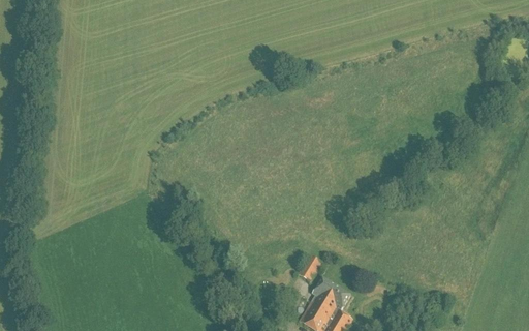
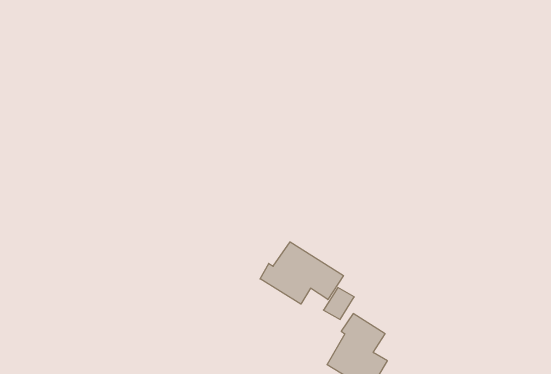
building: none -> [260,242,343,304]

